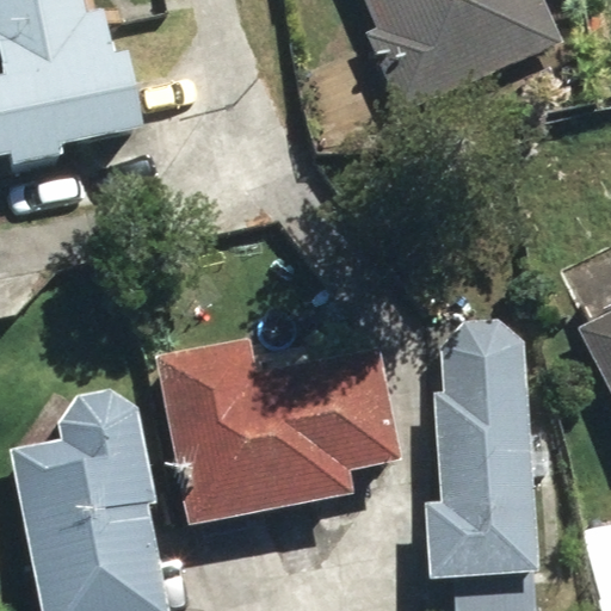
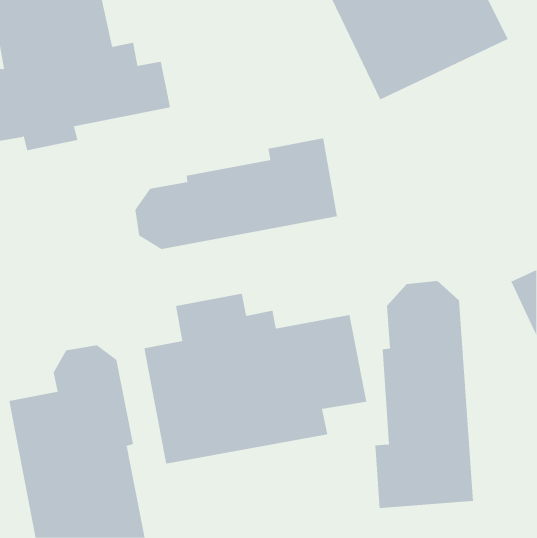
building: none -> [135,138,337,250]

